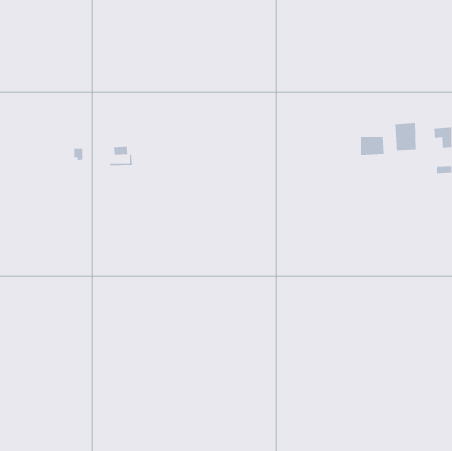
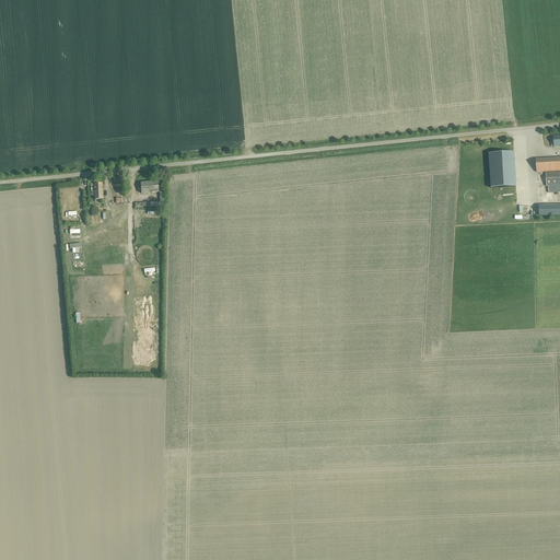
building: [360,136,384,156] -> none

